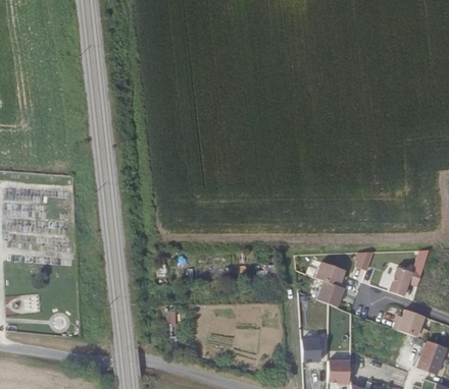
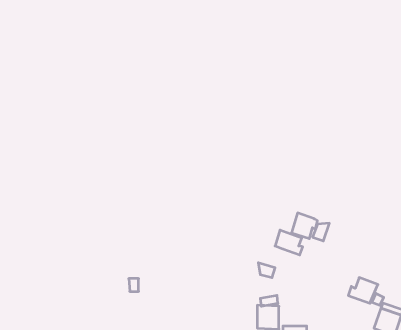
building: [389,267,423,294] -> none
building: [318,279,345,305] -> [292,213,317,239]

